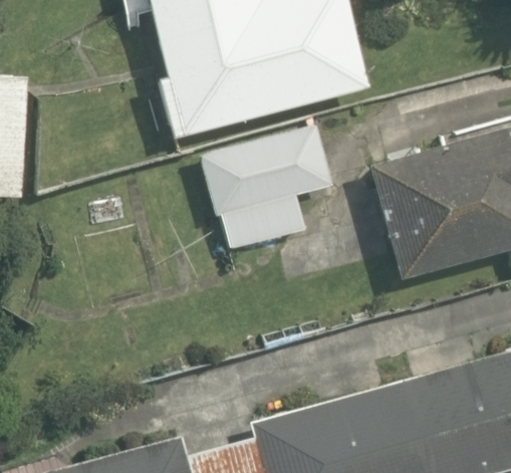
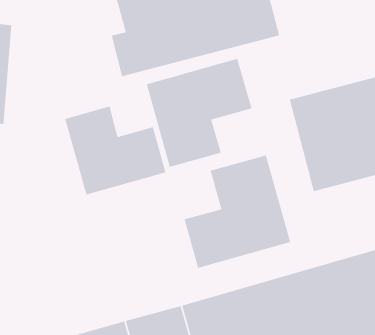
building: none -> [64,106,166,195]
building: none -> [183,155,291,269]

